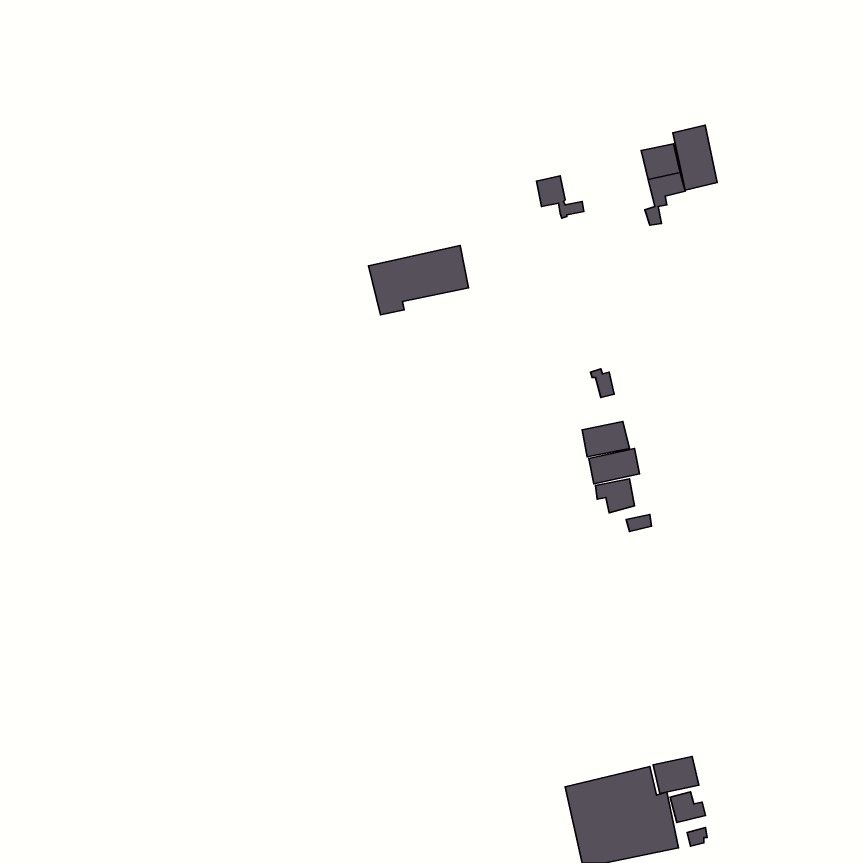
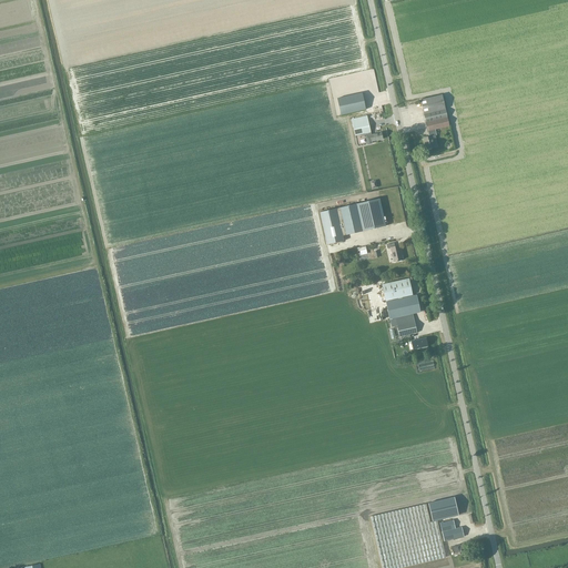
building: [673,125,717,190] -> none
building: none -> [337,89,367,114]
building: [369,245,468,315] -> [321,197,386,243]

